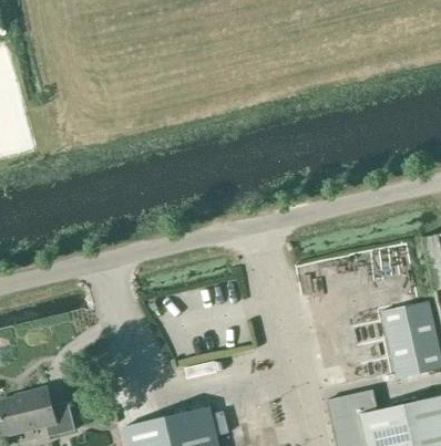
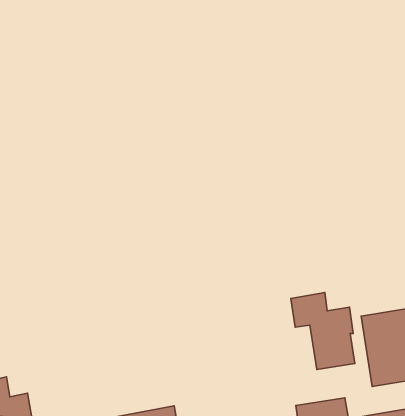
building: none -> [291,293,355,370]

